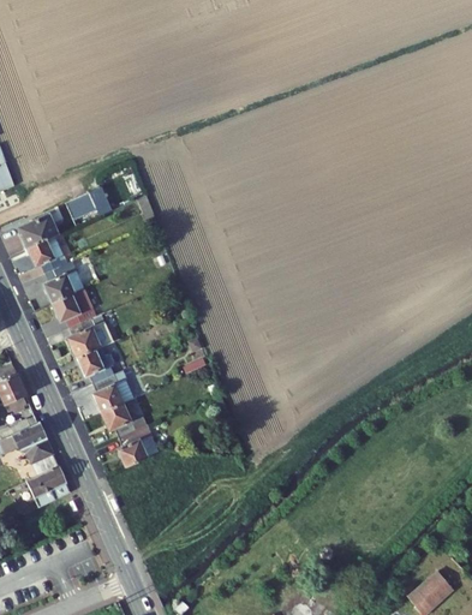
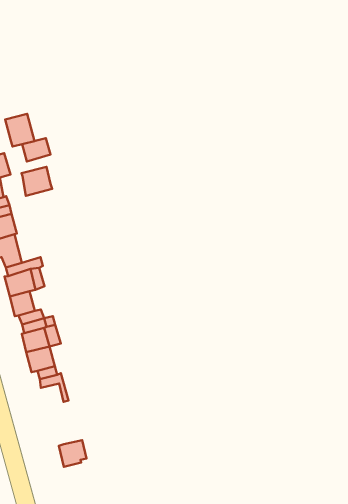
building: none -> [5,114,34,147]
building: none -> [21,167,52,196]
building: [116,437,147,467] -> [59,440,87,467]

